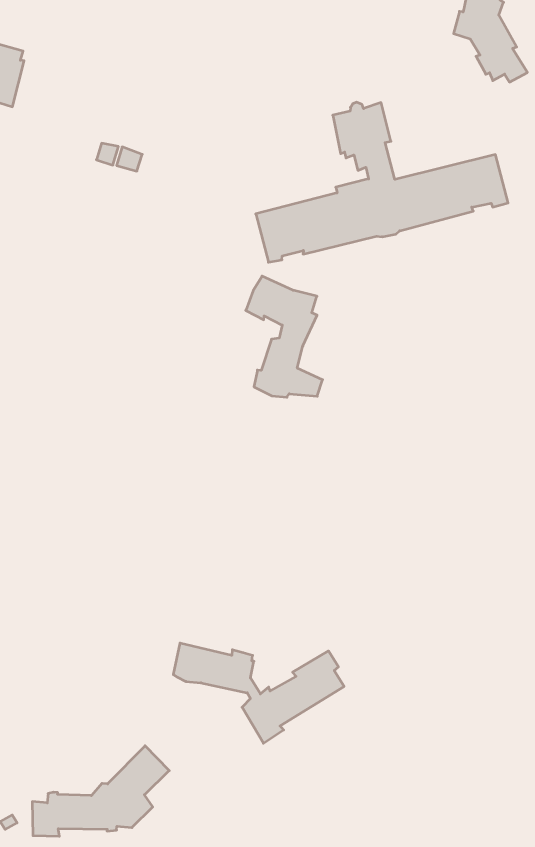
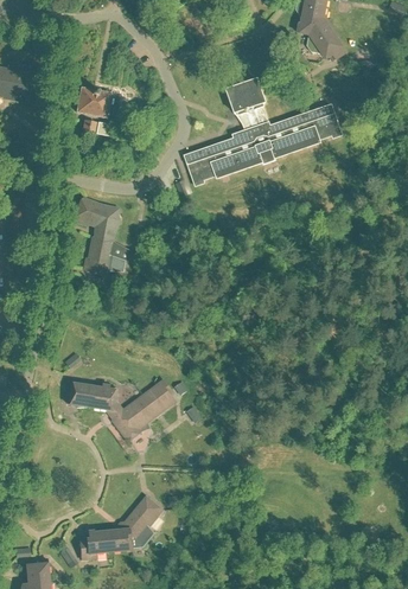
building: none -> [75,88,109,117]
building: [246,276,323,397] -> [74,198,126,273]
building: [173,643,344,743] -> [66,379,174,441]

